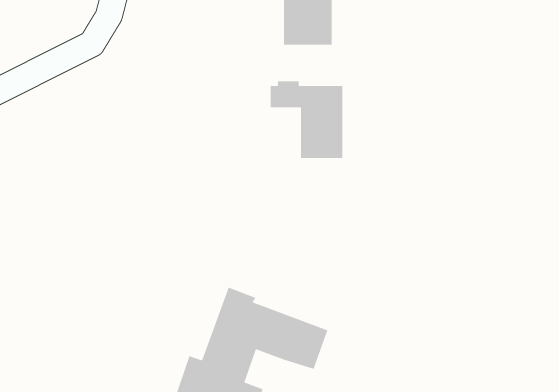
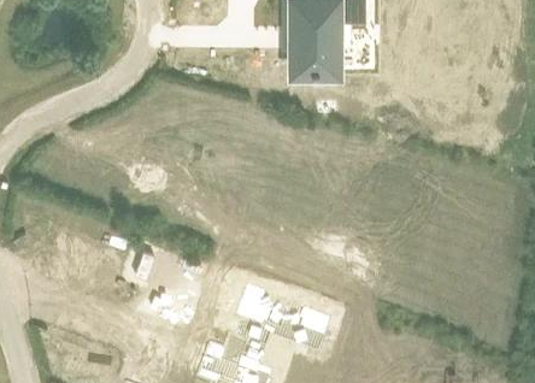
building: [270,80,343,159] -> none

